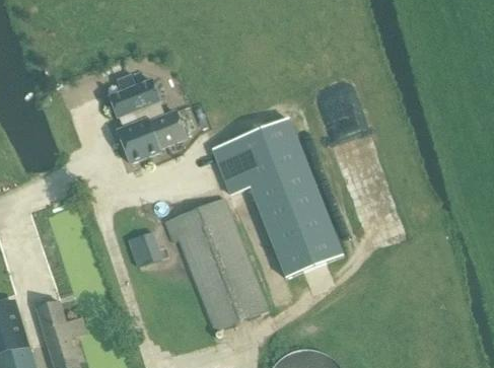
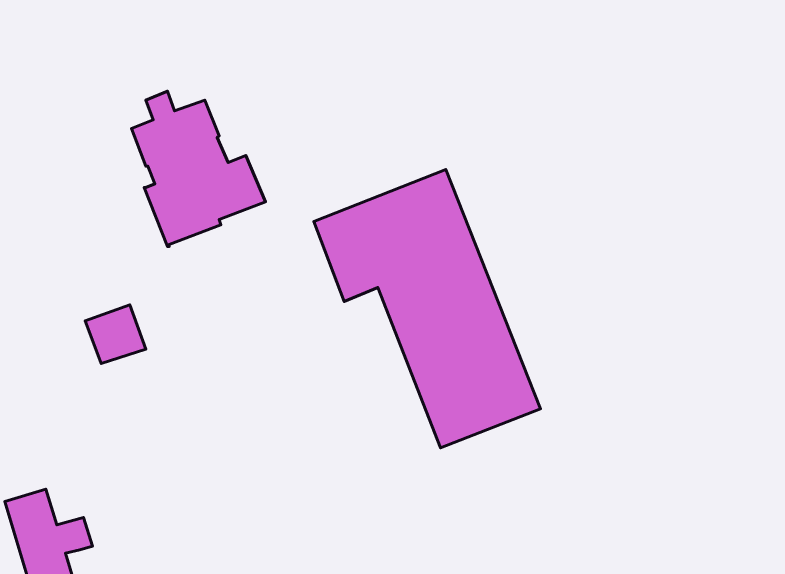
building: [164,197,269,330] -> none
building: [127,231,161,265] -> [85,305,146,364]

